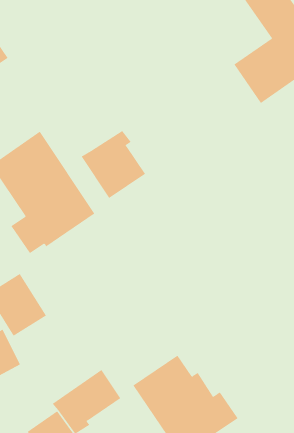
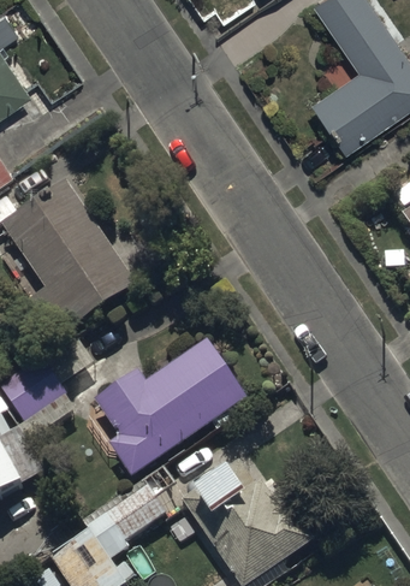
building: [81,130,146,199] -> none
building: none -> [91,341,249,479]

